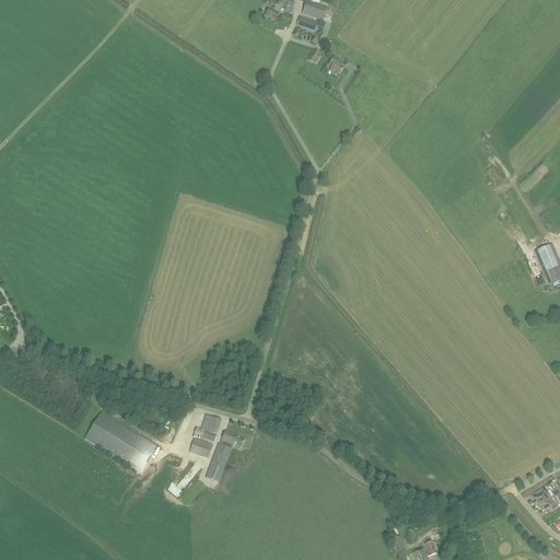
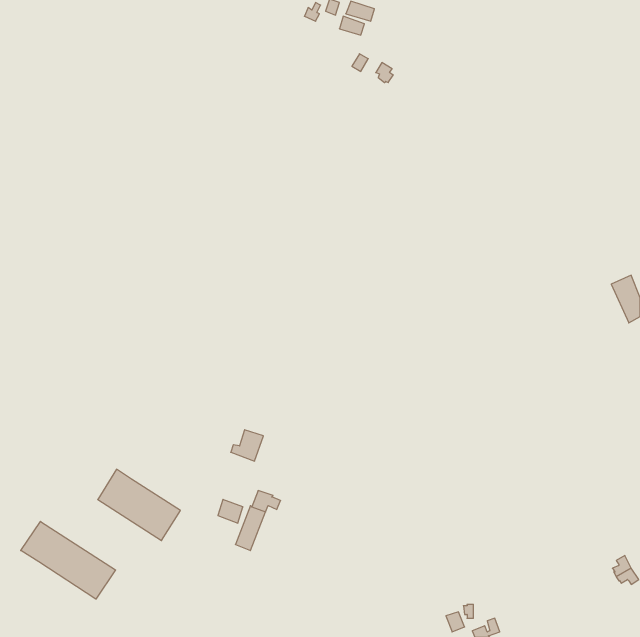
building: [194,413,222,441] -> [231,430,263,461]
building: none -> [21,521,116,599]

